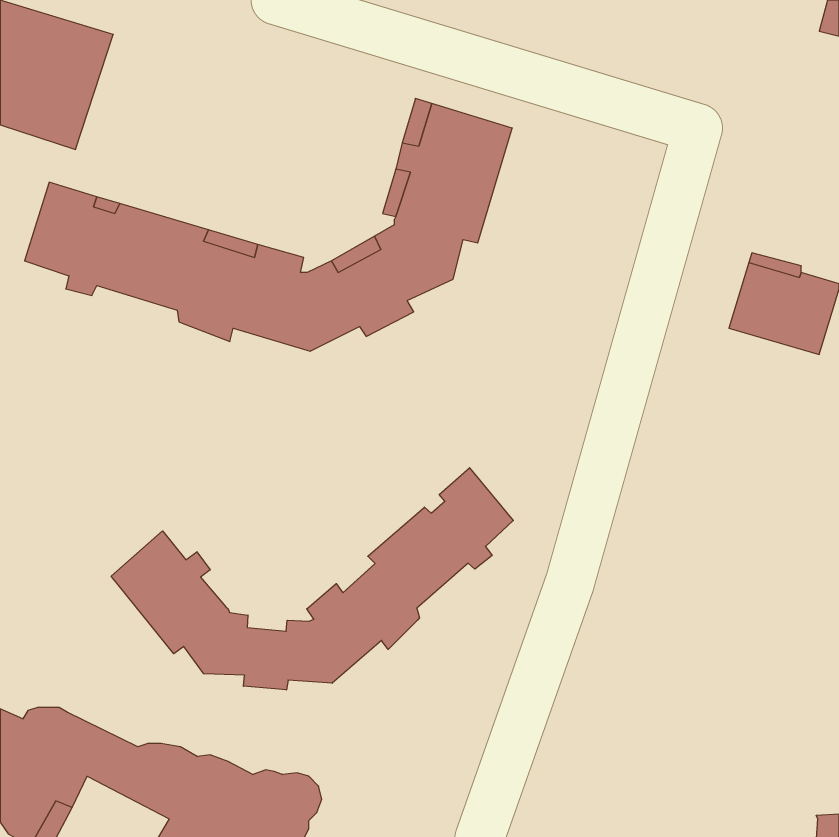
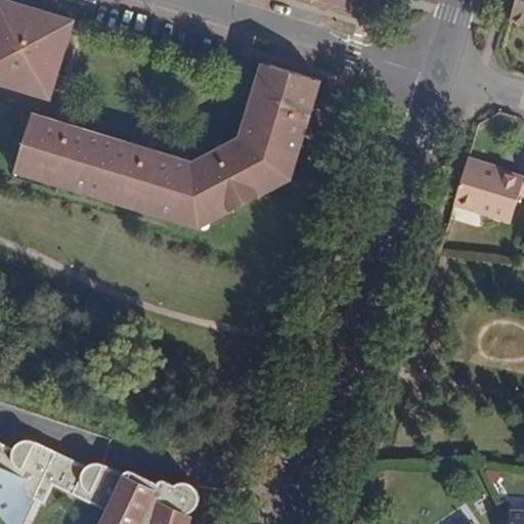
building: [111,468,513,690] -> none

